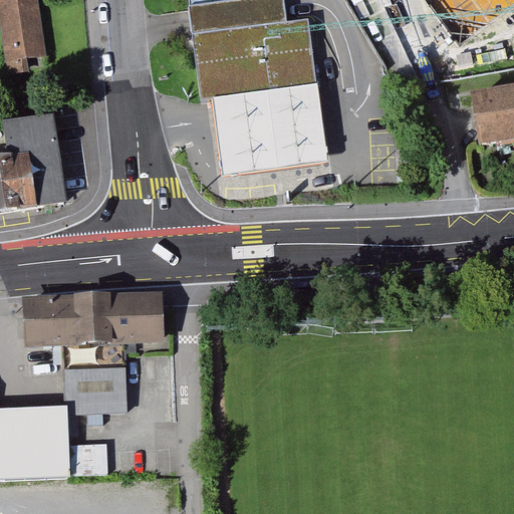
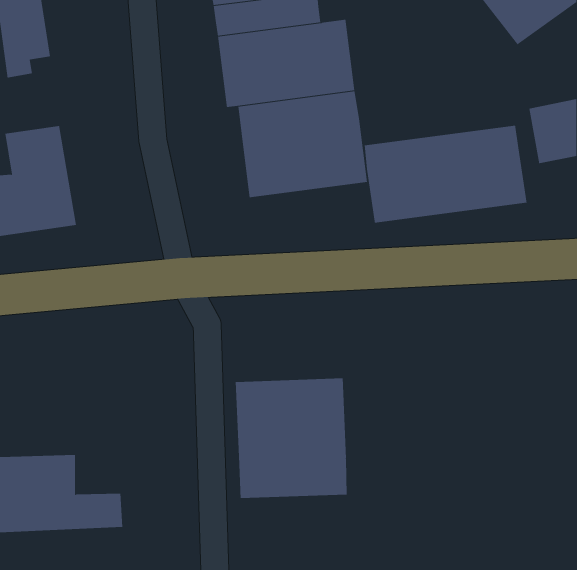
building: none -> [364,125,527,224]
building: [22,296,164,404] -> none
building: none -> [235,378,347,499]

